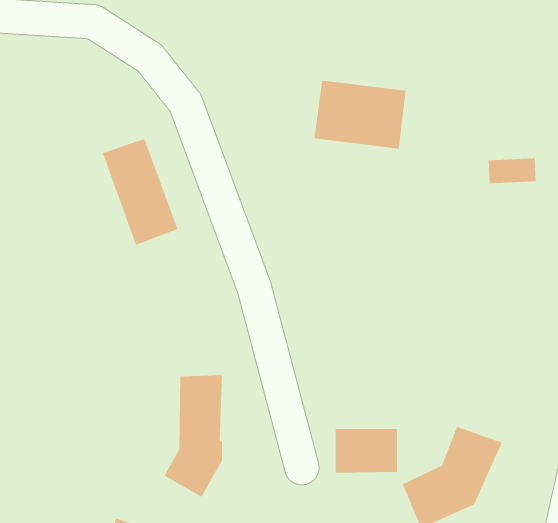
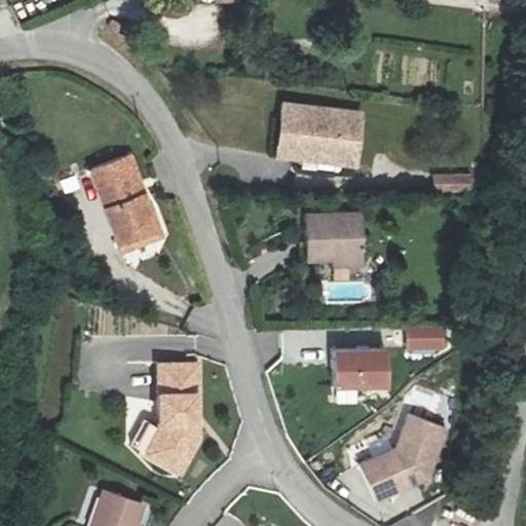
building: none -> [304,215,365,267]
building: none -> [403,325,447,349]
building: [335,428,398,474] -> [334,347,389,387]

